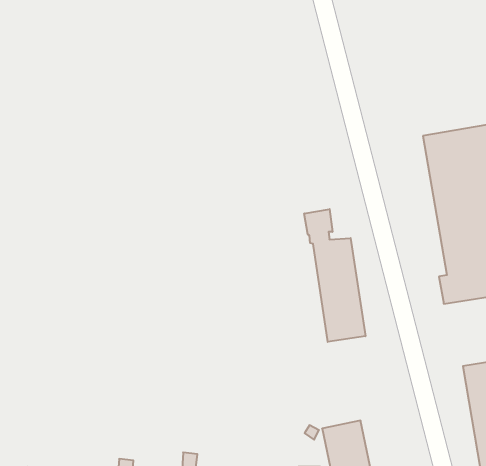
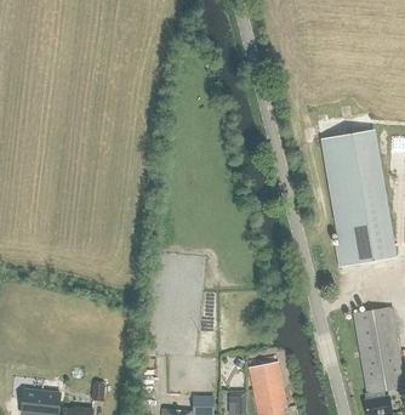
building: [304,209,365,342] -> none

